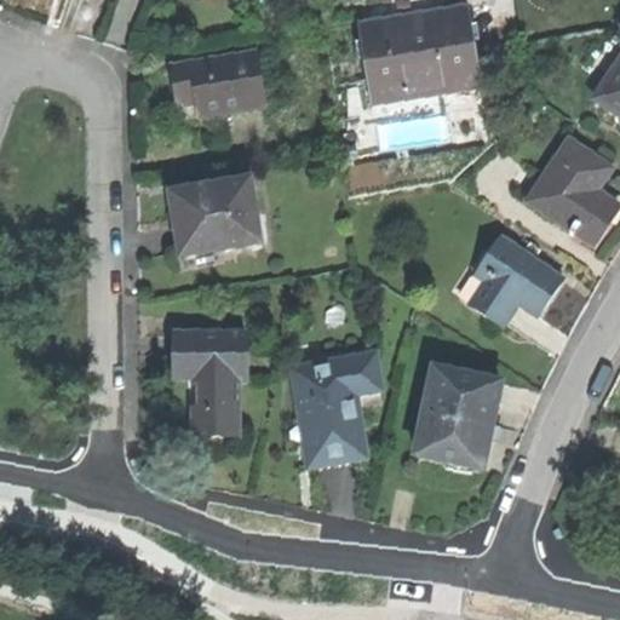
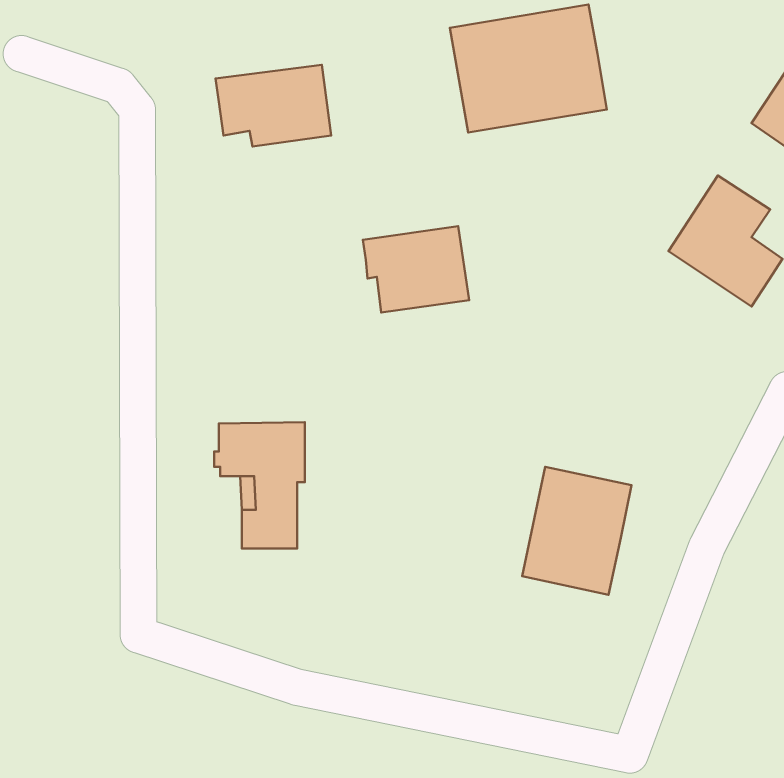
building: [174,183,258,251] -> [363,226,469,312]
building: [459,235,563,327] -> none
building: [291,352,381,466] -> none

